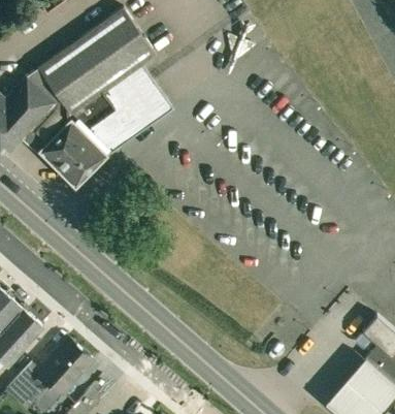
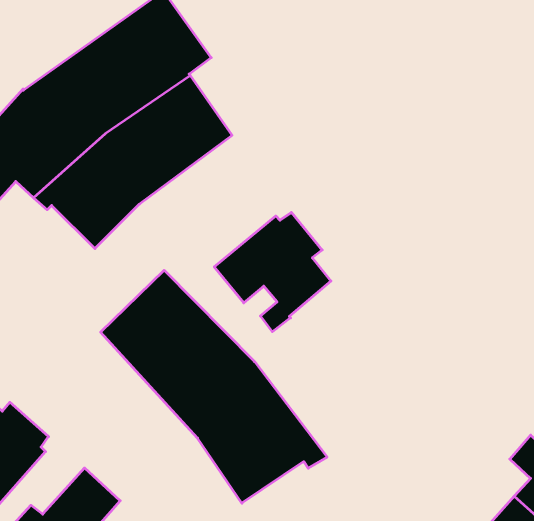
building: none -> [214,212,331,332]
building: none -> [101,270,327,503]

